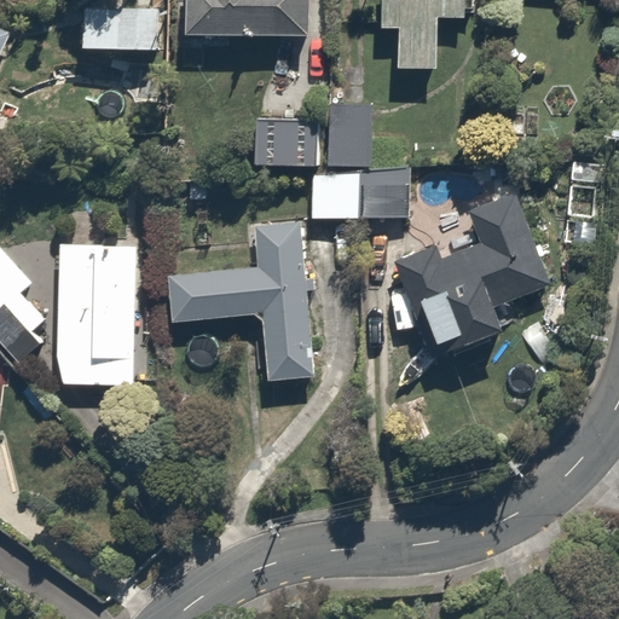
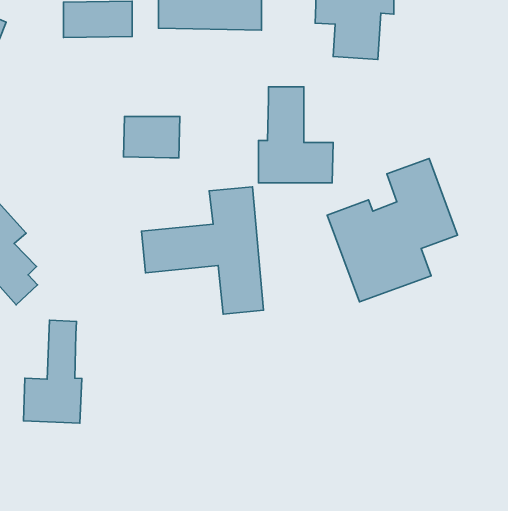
building: [254,118,322,168] -> [123,117,180,158]
building: [53,239,140,382] -> none
building: none -> [24,320,82,423]

